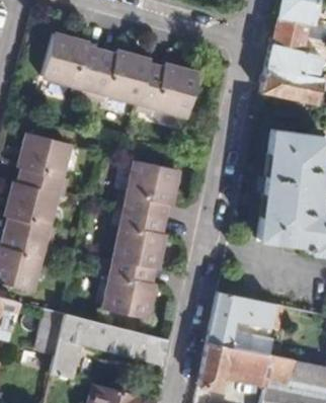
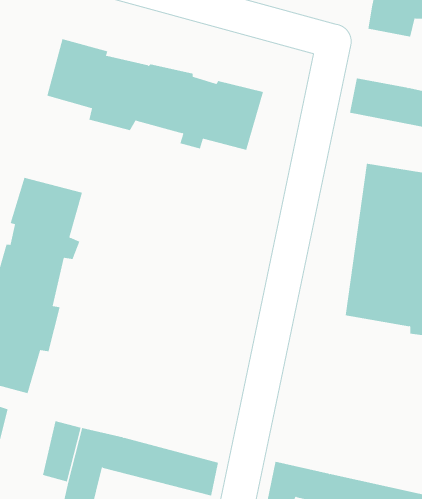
building: [266,28,309,71] -> none
building: [102,163,178,321] -> none
building: [208,291,281,350] -> none

